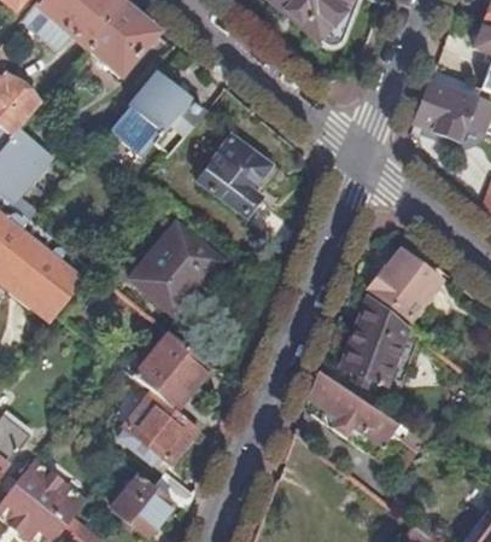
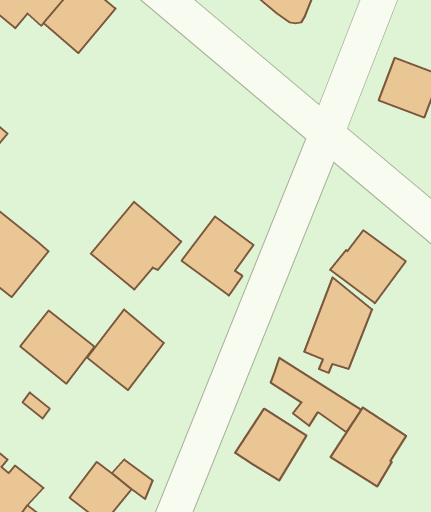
building: [122,72,204,153] -> none
building: [198,136,268,214] -> [182,216,254,296]
building: [124,391,197,462] -> [20,311,95,384]
building: none -> [331,407,406,487]
building: none -> [235,409,306,481]

